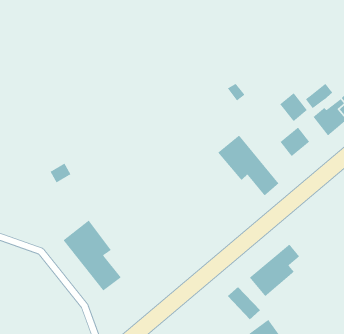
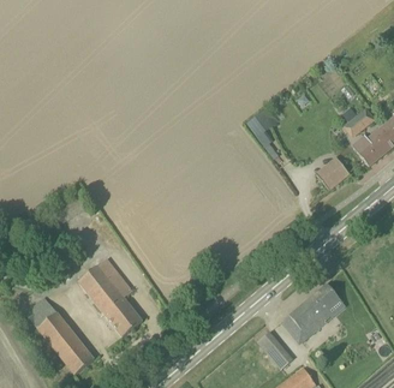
building: [279,92,308,122] -> none
building: [217,135,280,196] -> none
building: none -> [24,297,94,374]

